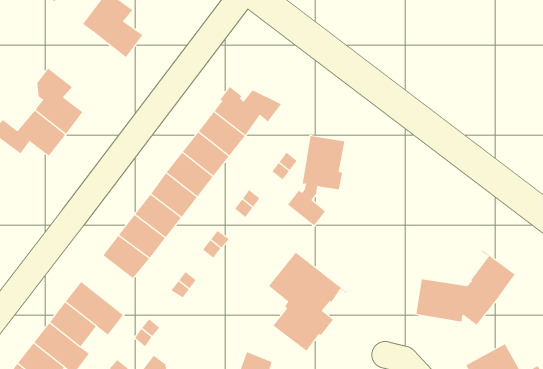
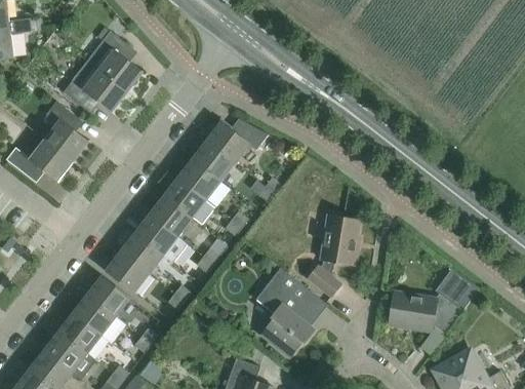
building: none -> [63,62,127,112]
building: [287,135,345,226] -> [307,216,359,298]
building: none -> [86,276,130,317]

